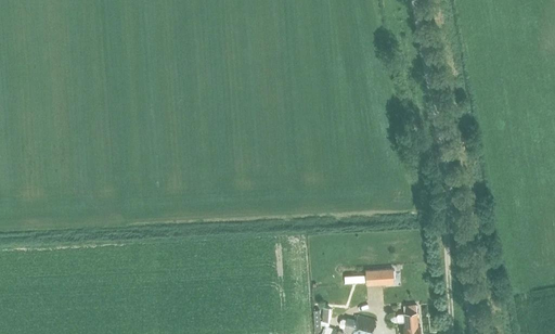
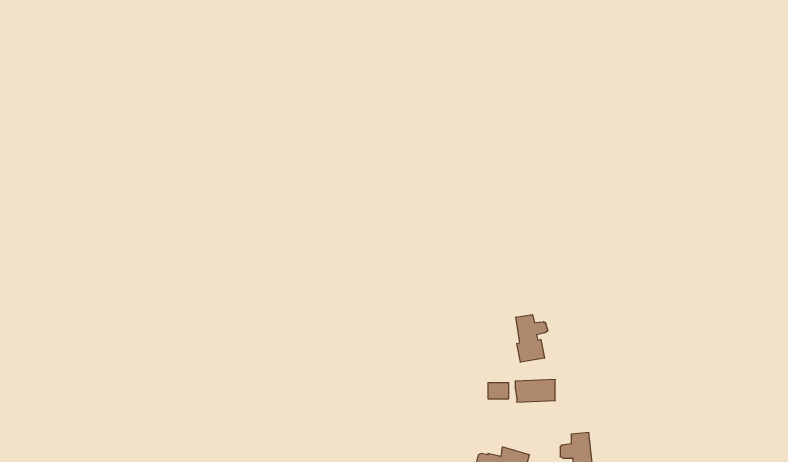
building: none -> [516,315,548,362]

